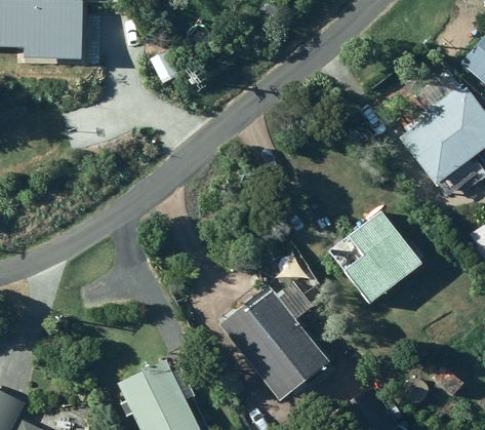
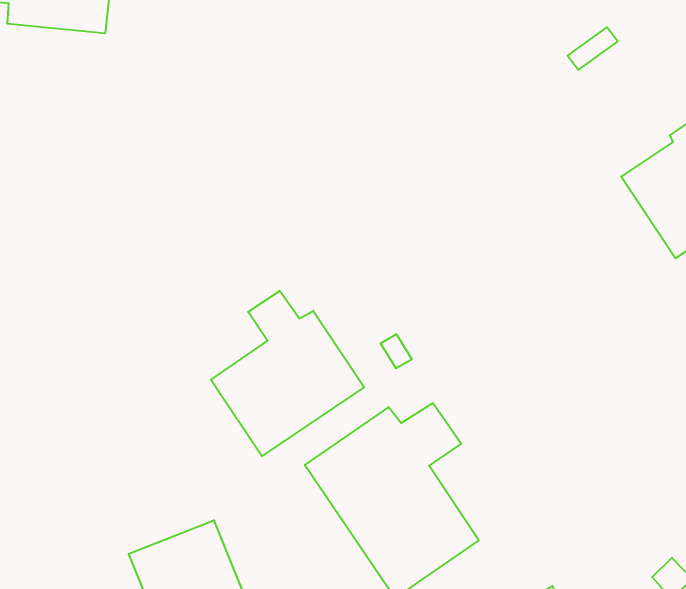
building: [342,210,420,303] -> none
building: none -> [211,291,364,456]

